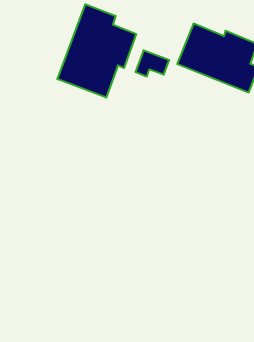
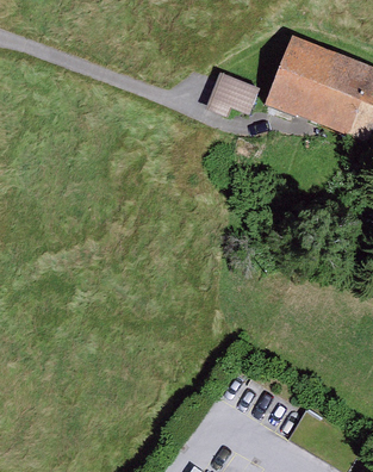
building: [57,4,136,98] -> none

